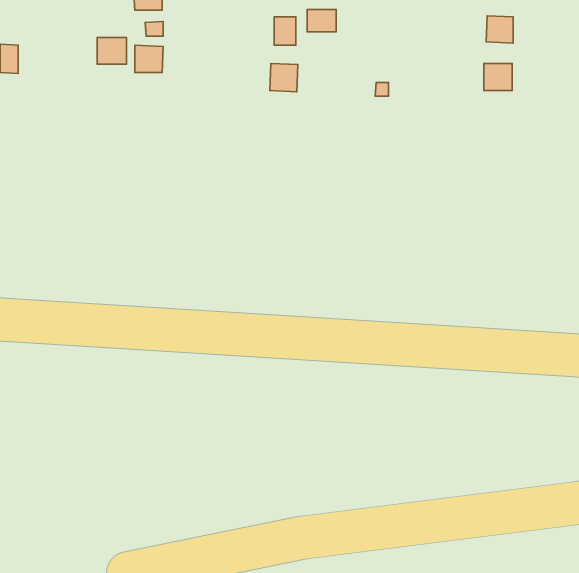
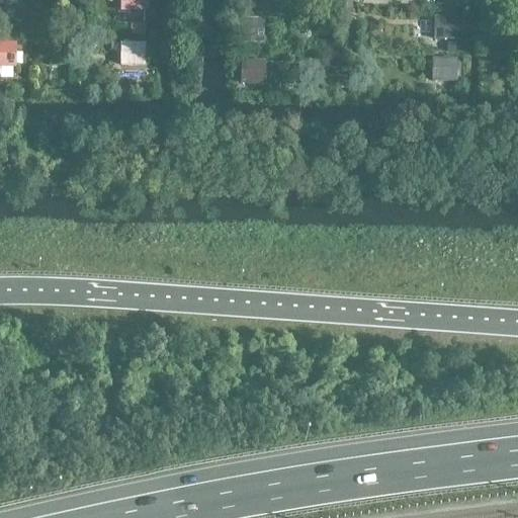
building: [307,10,336,32] -> none
building: [97,38,126,64] -> none

